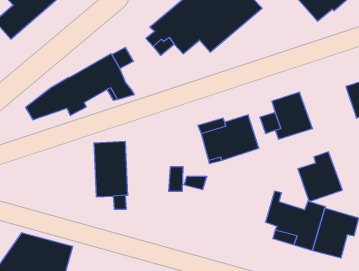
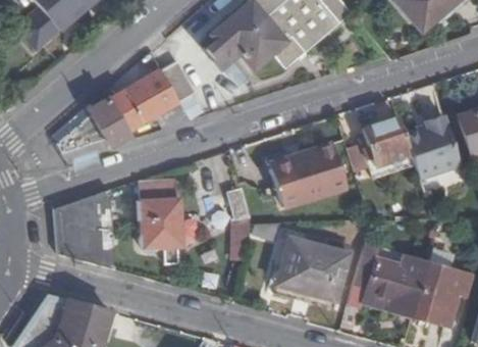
building: none -> [53,191,113,269]
building: [298,152,342,201] -> [404,110,460,172]
building: none -> [274,243,349,309]

